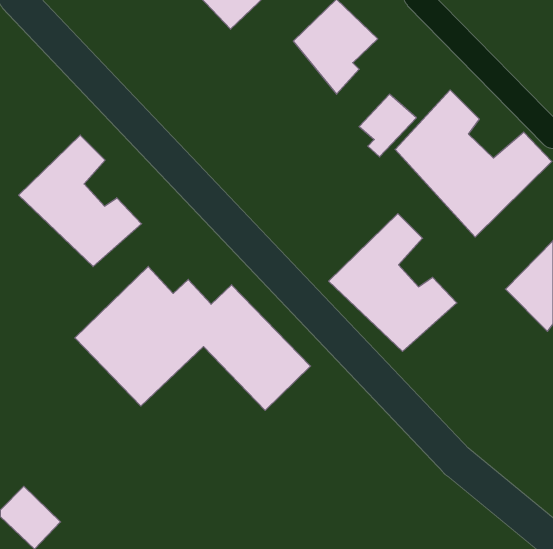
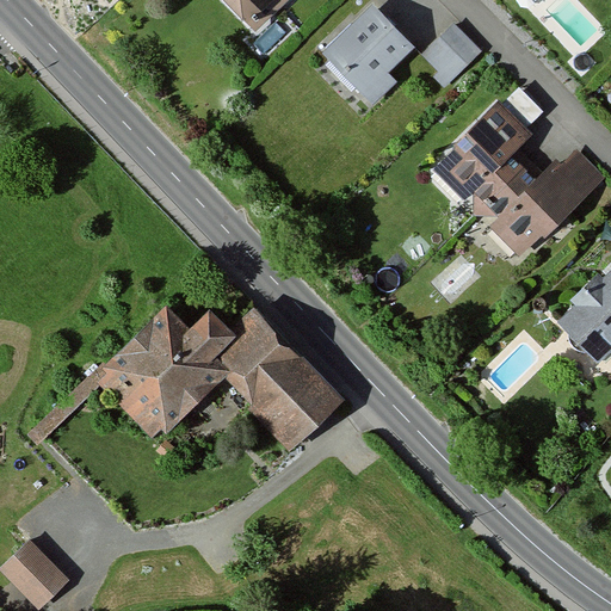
building: [359,94,416,157] -> [424,17,487,86]
building: [19,135,142,267] -> none
building: [329,214,457,351] -> none

